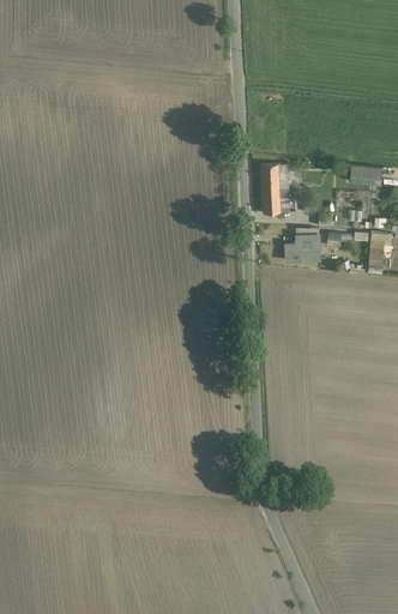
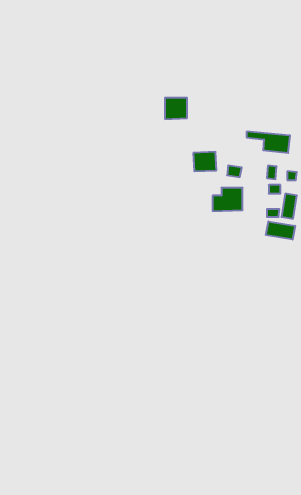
building: [260,163,288,189] -> [165,98,187,119]
building: none -> [266,221,295,240]

